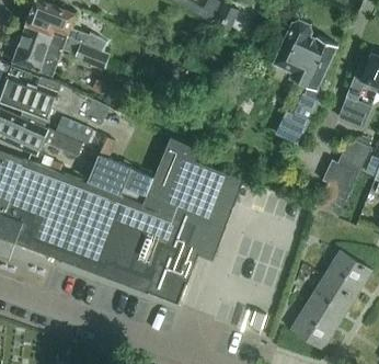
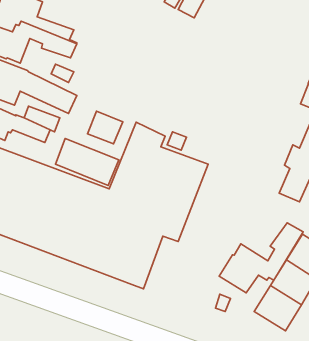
building: [273,19,336,144] -> none
building: none -> [87,111,123,144]
building: none -> [219,223,303,293]

